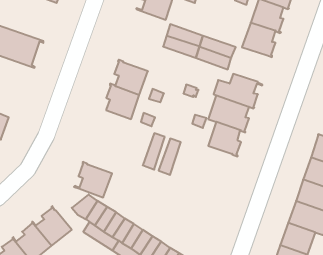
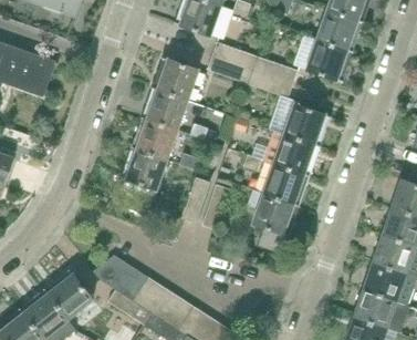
building: none -> [157,58,198,101]
building: none -> [247,190,294,251]
building: [74,162,112,197] -> [119,146,167,190]

